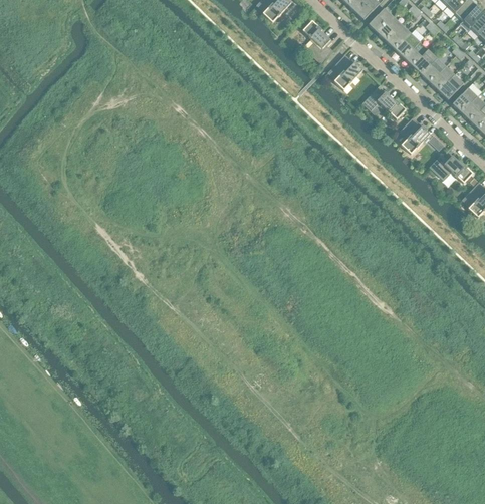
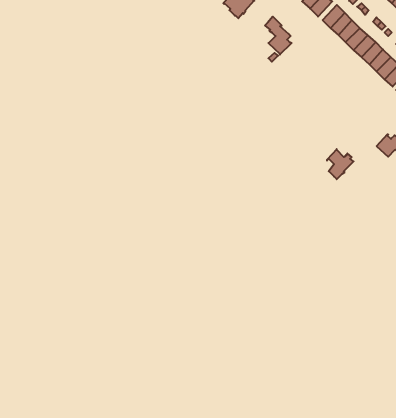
building: [328,56,362,89] -> none
building: [362,90,406,118] -> none
building: [400,119,430,154] -> [327,149,354,179]

